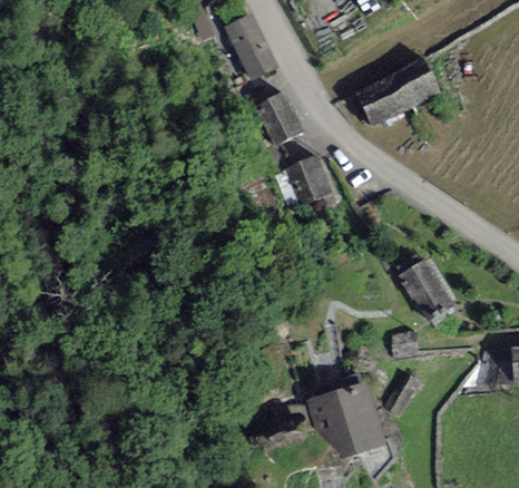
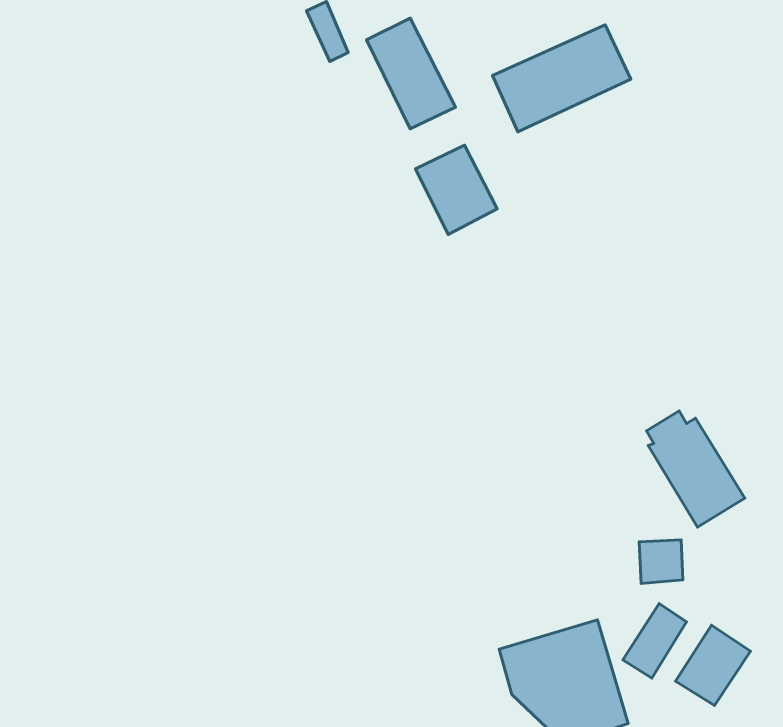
building: [356,60,441,126] -> [492,25,631,132]
building: [286,154,332,206] -> none
building: none -> [676,625,750,705]

